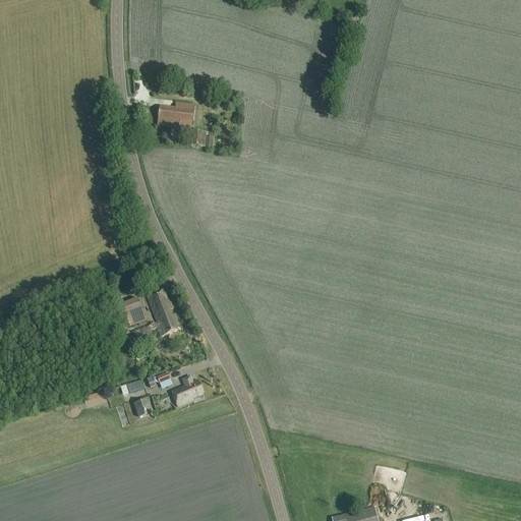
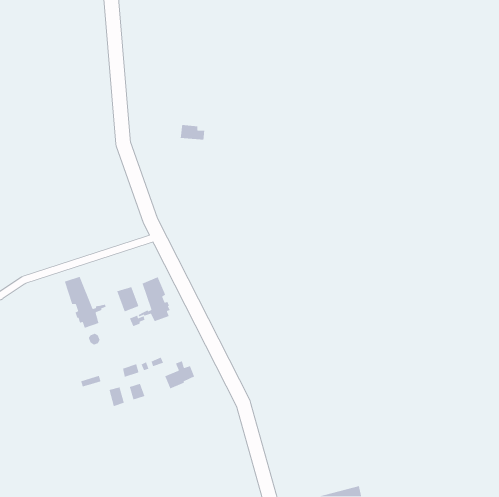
building: [158,103,193,126] -> none
building: none -> [64,276,107,329]

